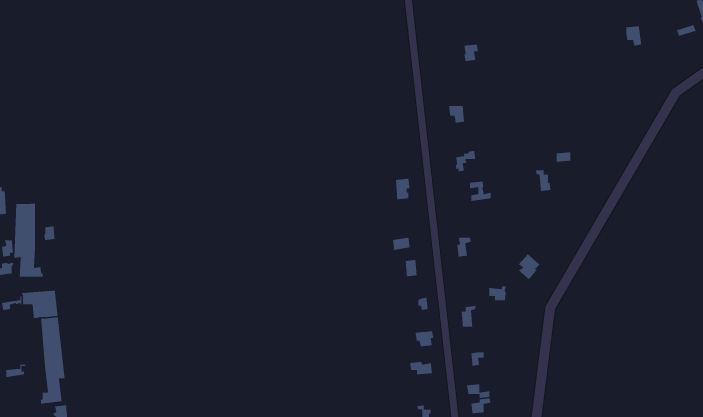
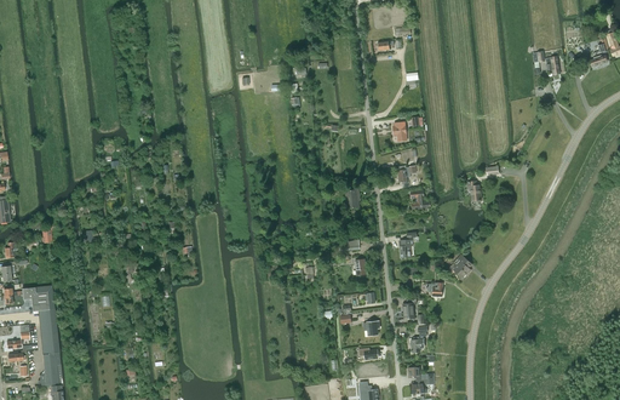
building: [14,203,44,277] -> none

